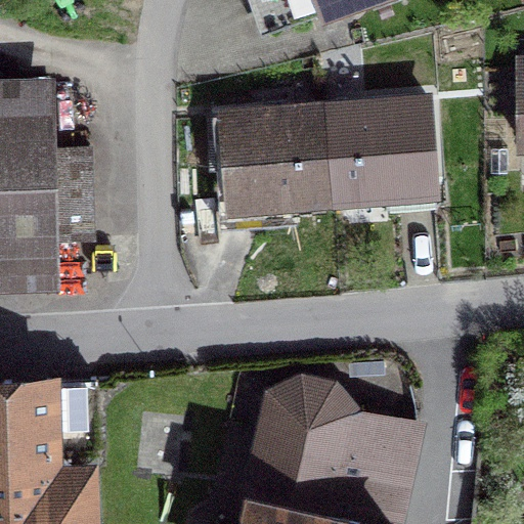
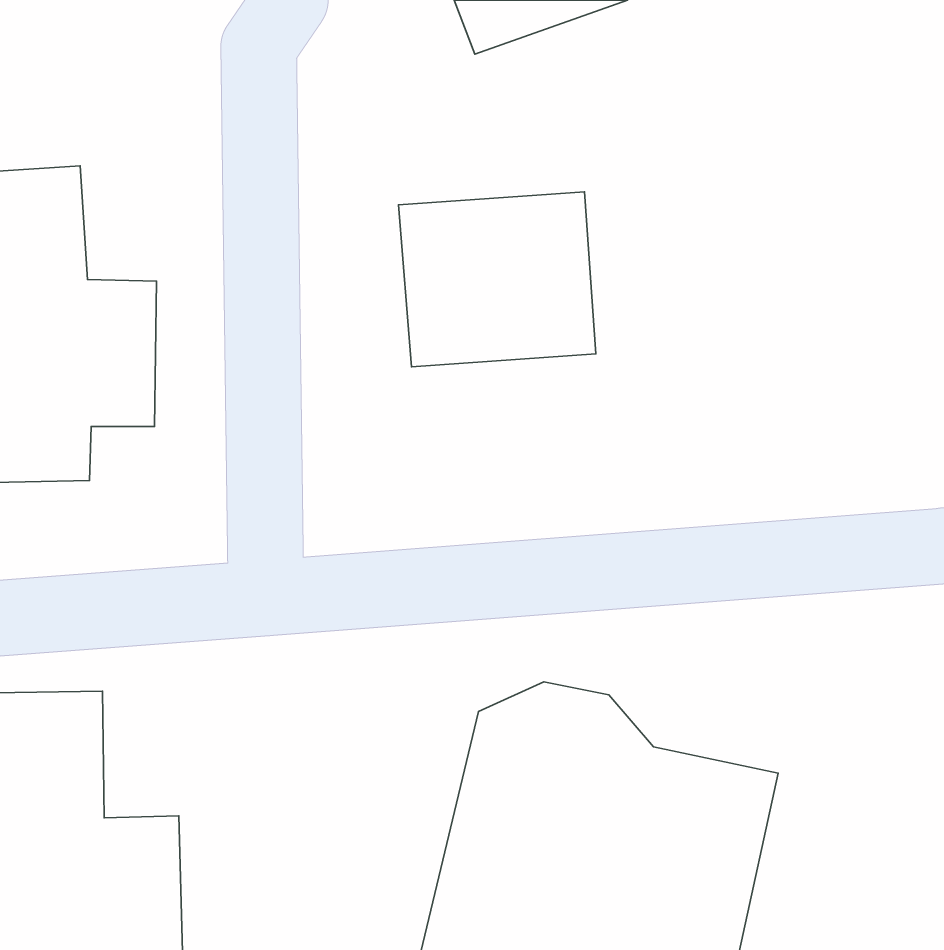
building: [321,99,430,195] -> none

